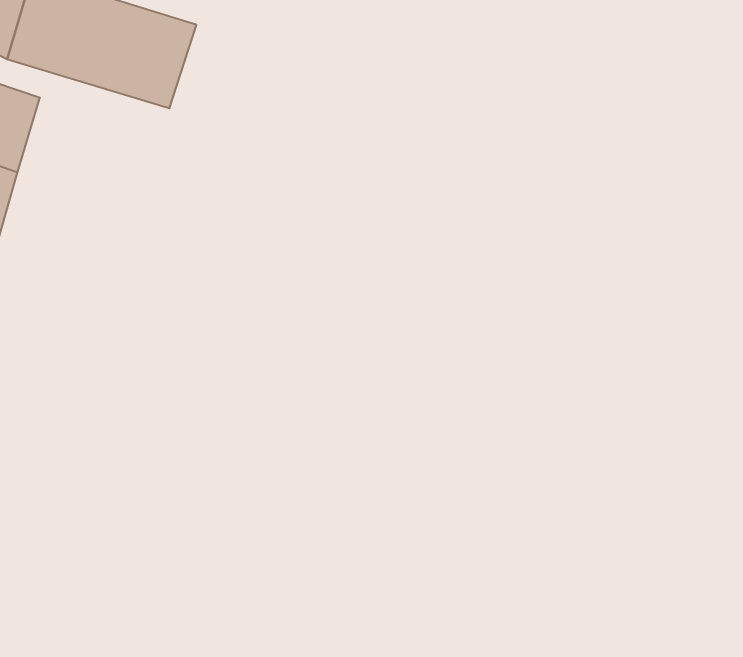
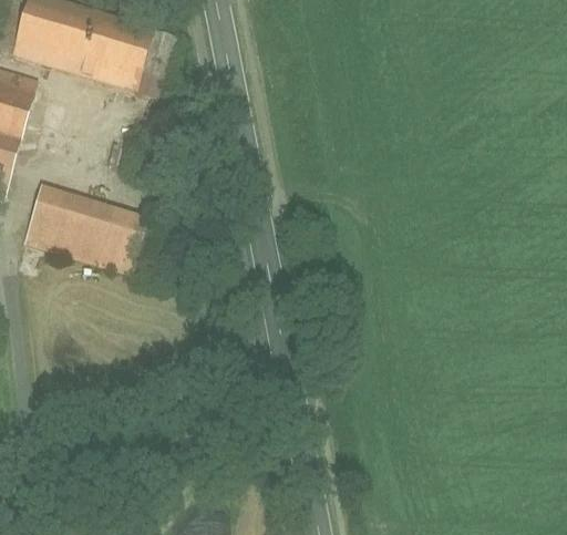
building: none -> [25,186,151,271]

